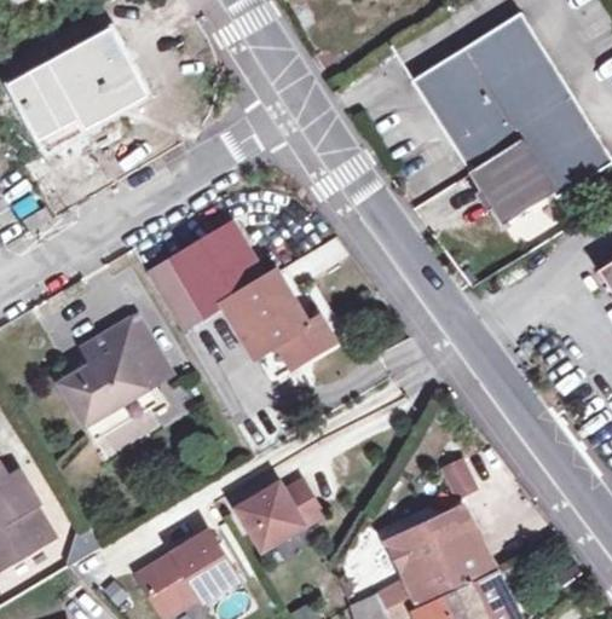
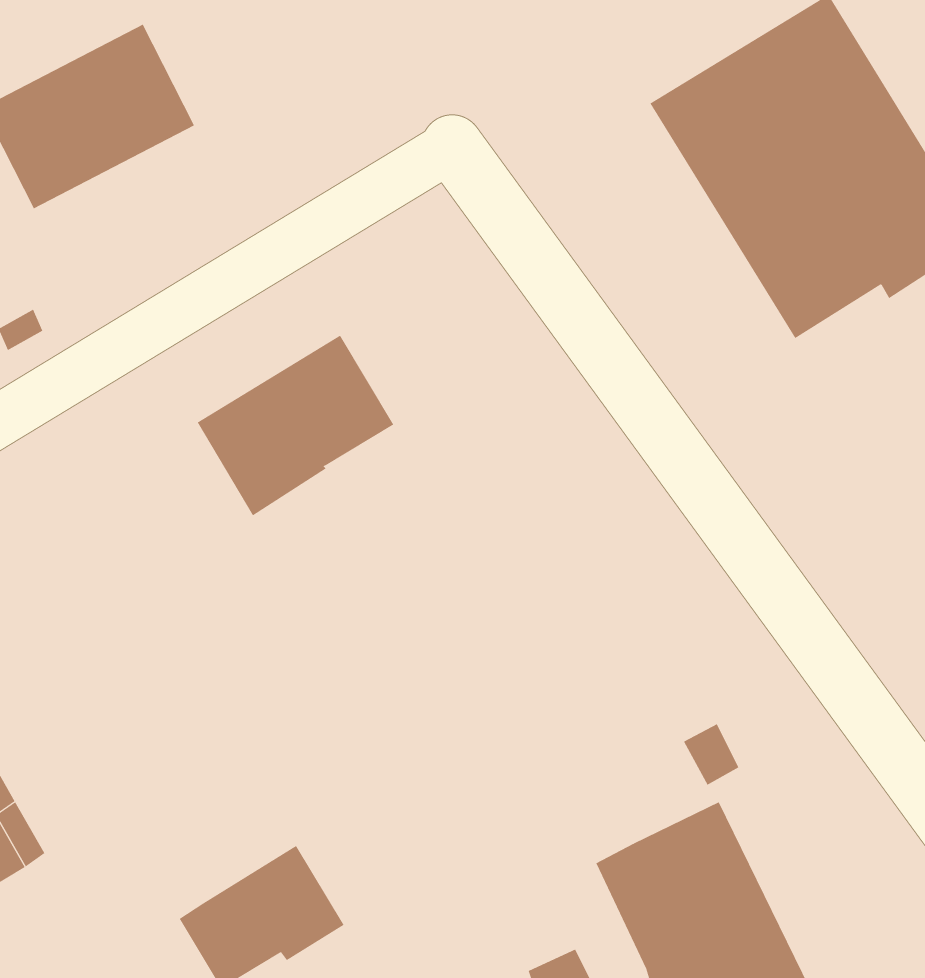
building: [220,267,330,377] -> none
building: [62,314,168,446] -> none
building: [231,480,316,549] -> none

